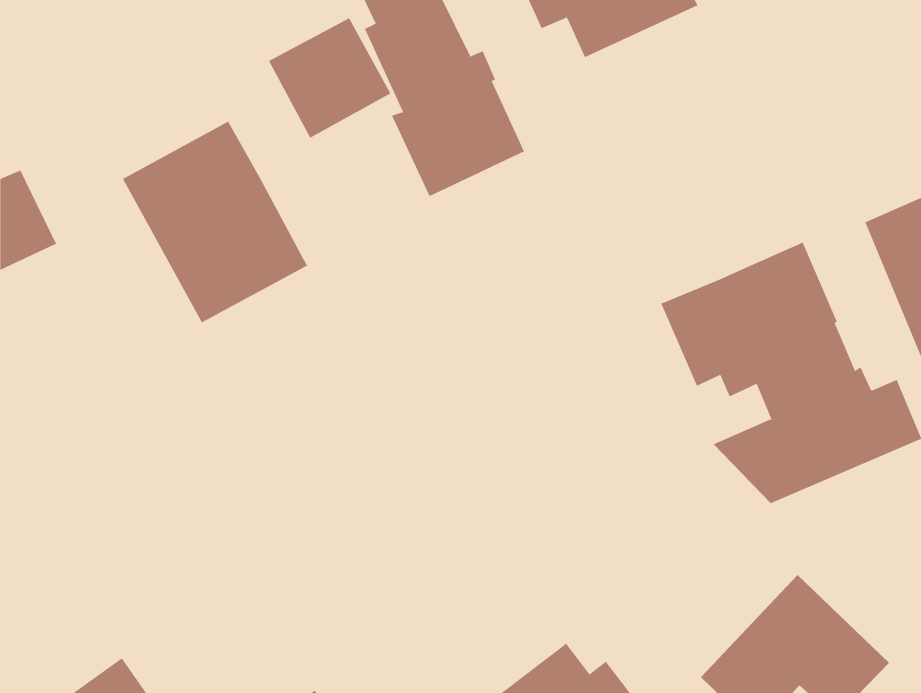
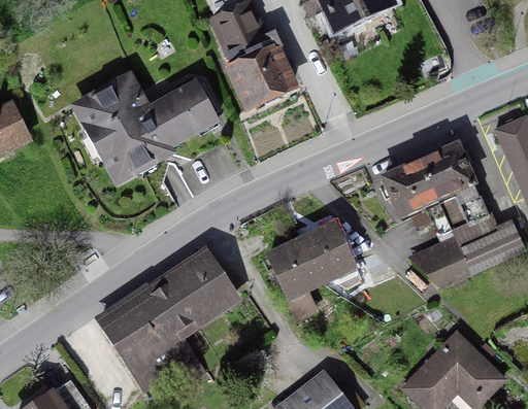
building: [268,18,391,139] -> [150,79,220,148]
building: none -> [265,220,359,322]
building: none -> [95,246,243,391]

